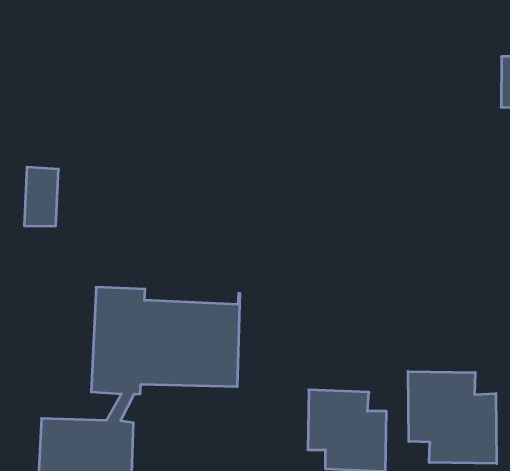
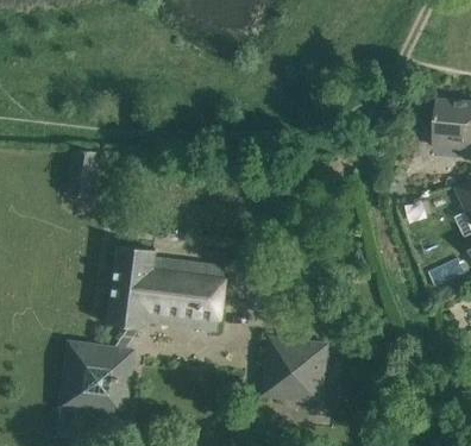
building: [408,371,497,464] -> none

